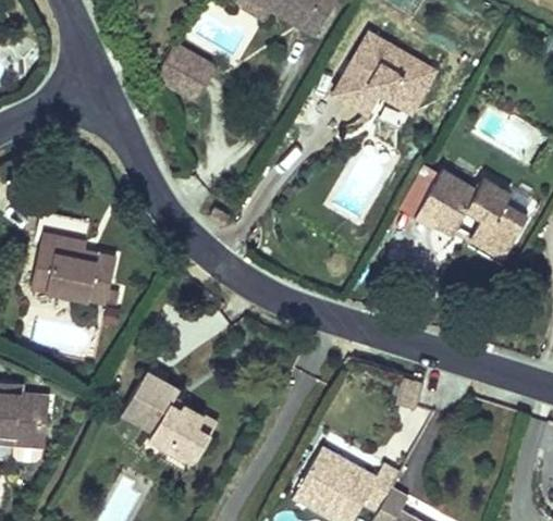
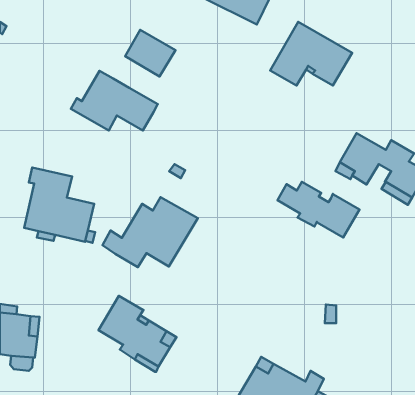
building: none -> [71,71,158,131]
building: none -> [277,182,359,237]
building: none -> [102,197,198,267]

